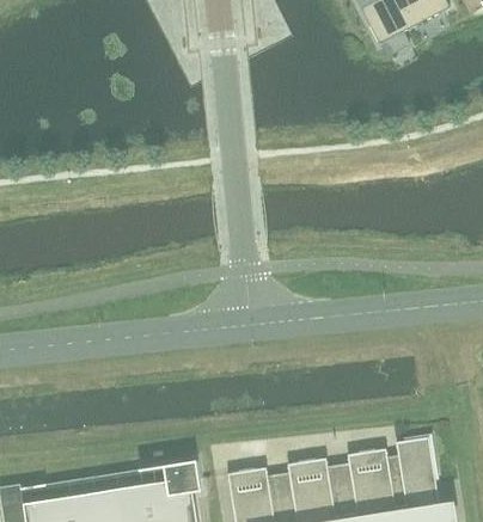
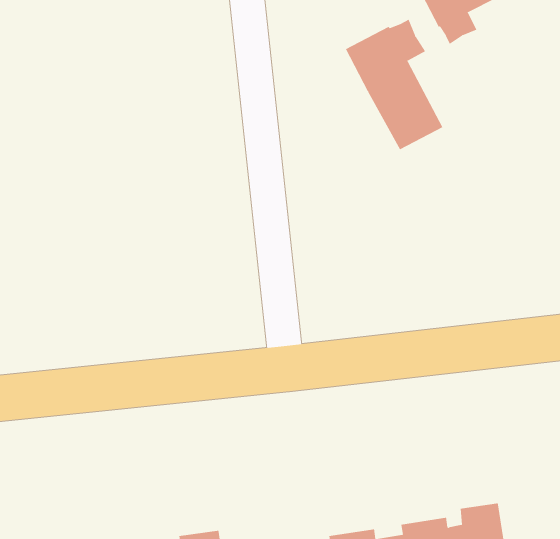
building: none -> [345,19,443,150]

